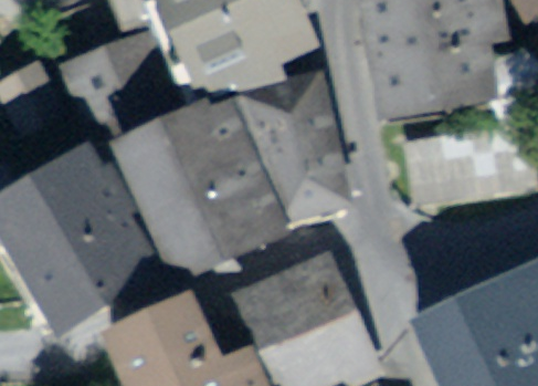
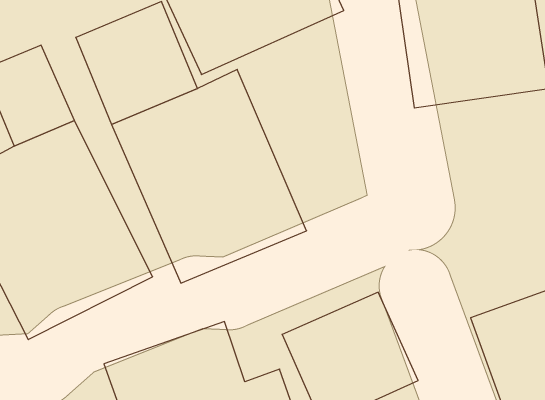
building: [245,73,350,206] -> none

